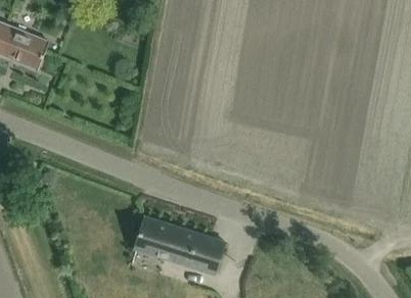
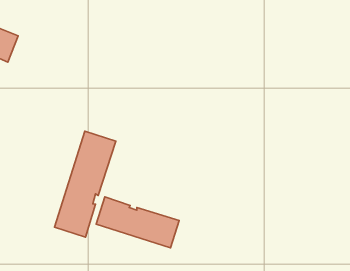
building: none -> [55,131,116,237]

